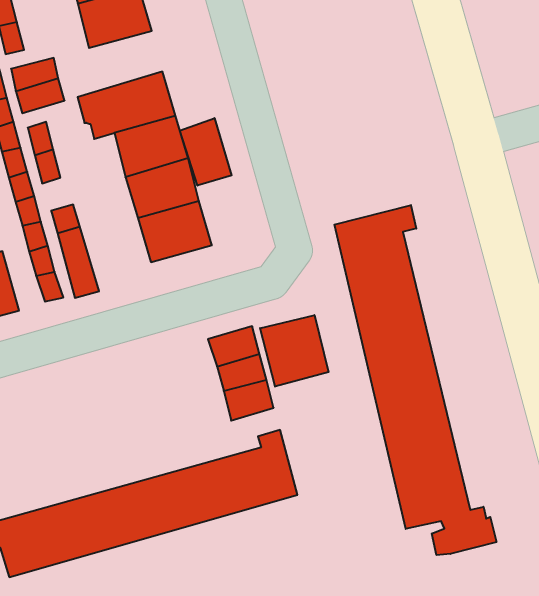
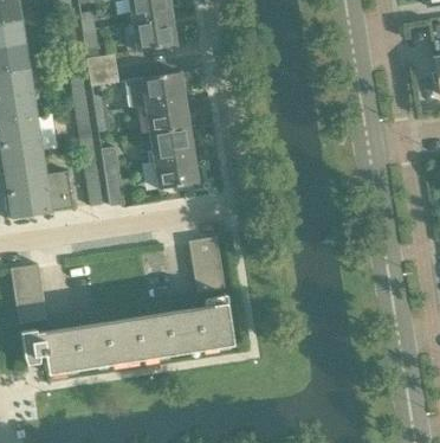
building: [180,118,232,186] -> none
building: [334,205,496,555] -> none
building: [260,315,329,387] -> none

